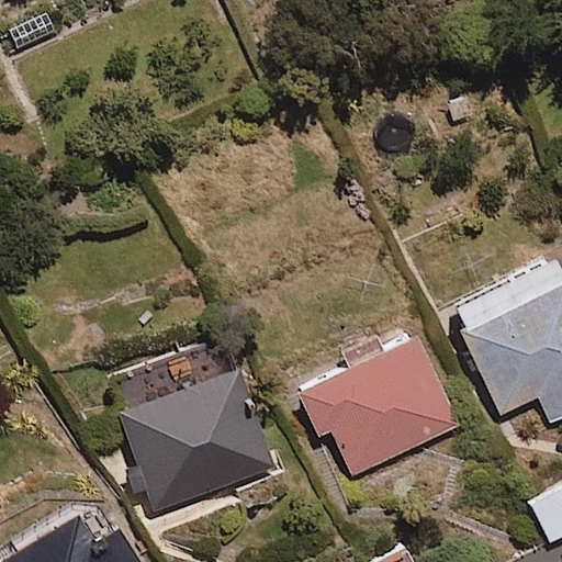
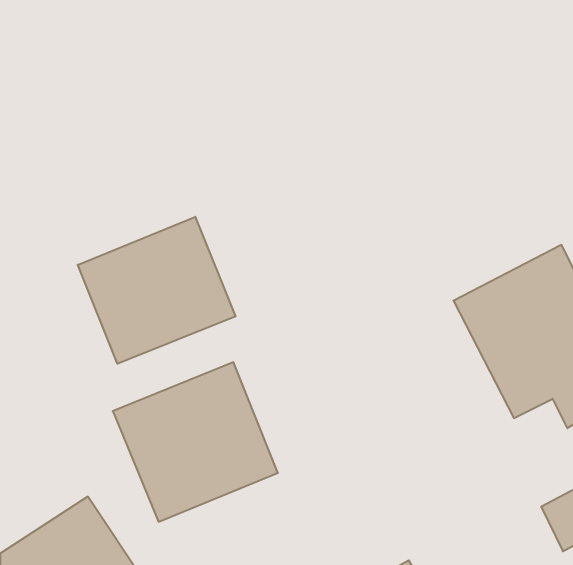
building: none -> [78,217,236,364]
building: [296,325,464,488] -> none

